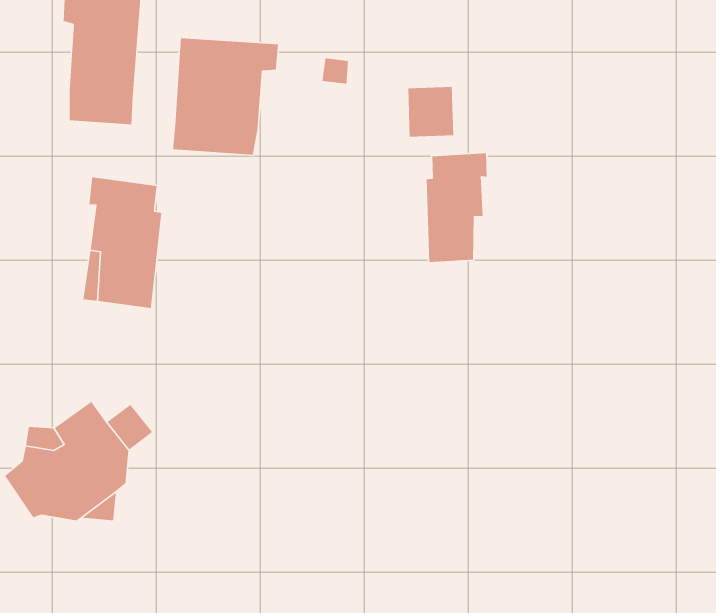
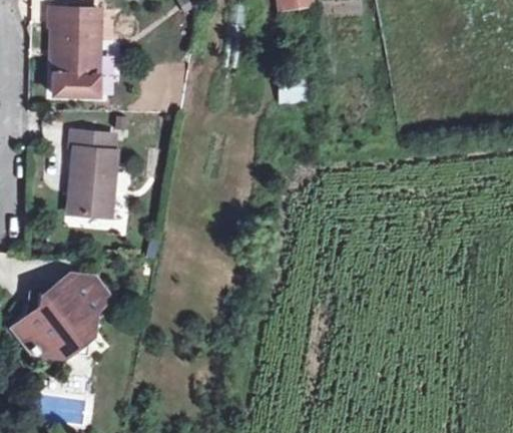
building: [172,38,279,155] -> none
building: [426,153,488,263] -> none

